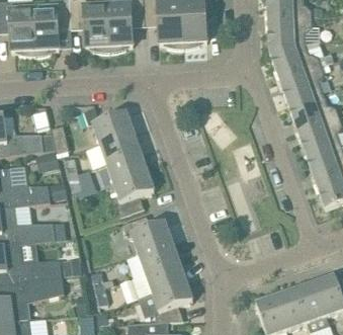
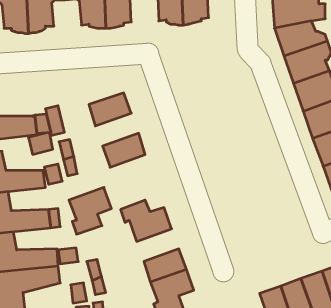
building: [98,132,140,163] -> none
building: [112,171,153,216] -> [69,187,111,234]
building: [138,242,178,273] -> none

